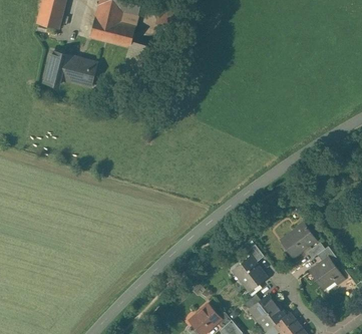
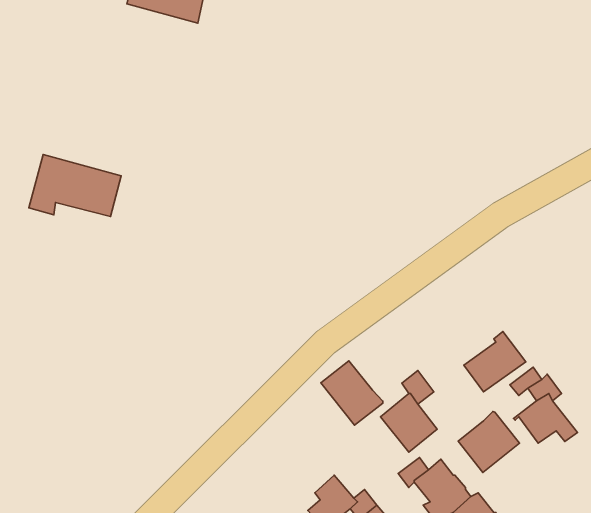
building: [43,52,95,87] -> [29,155,121,217]
building: none -> [321,361,383,425]
building: none -> [458,412,519,473]

